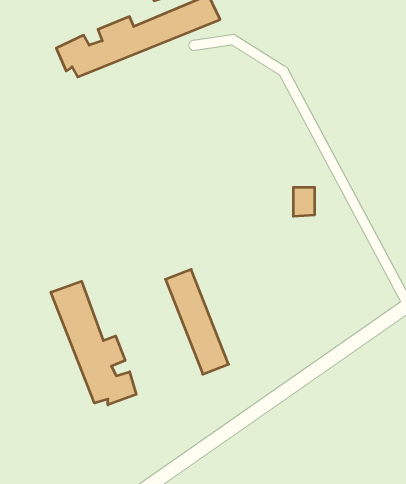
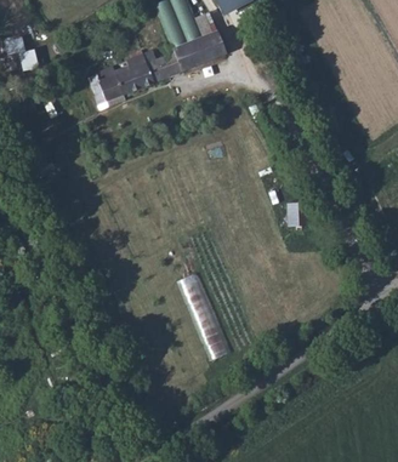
building: [51,281,136,405] -> none

